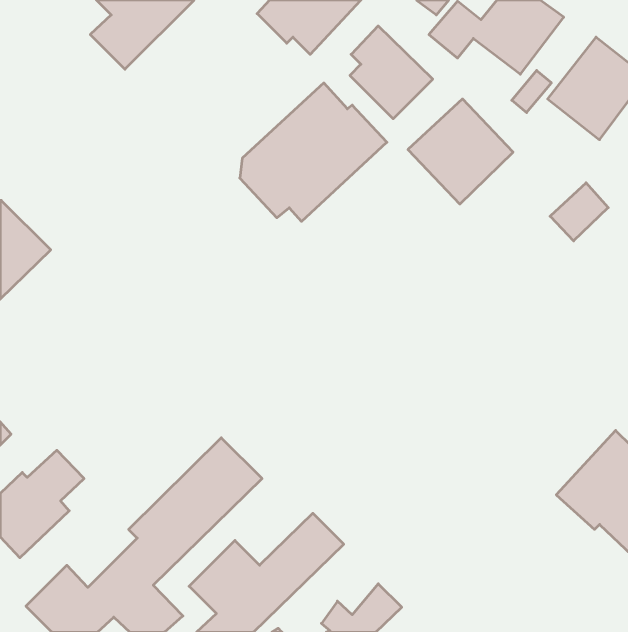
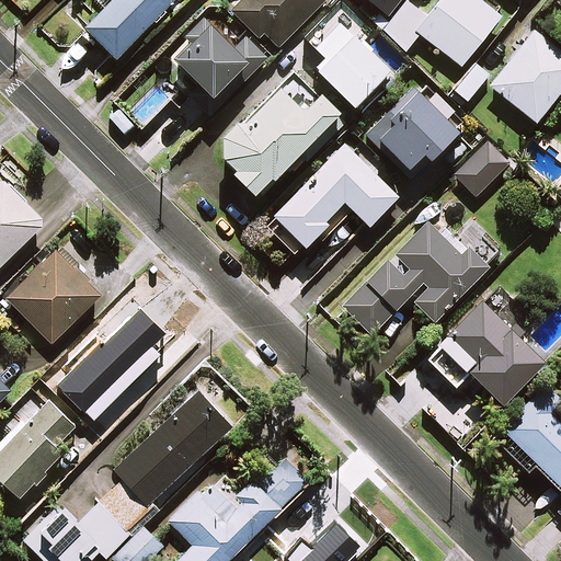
building: none -> [173,21,267,119]
building: none -> [271,147,394,250]
building: [550,183,608,241] -> [457,144,508,195]
building: none -> [340,221,483,339]
building: none -> [10,248,104,341]
building: none -> [60,299,175,415]
building: none -> [434,302,539,407]

